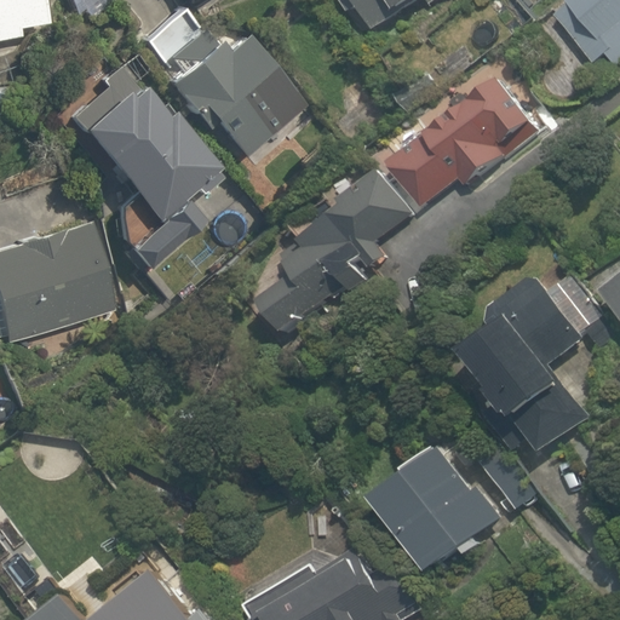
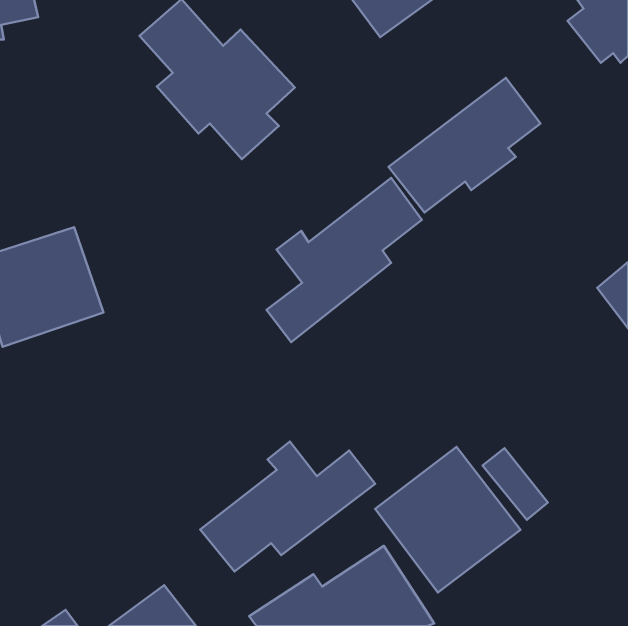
building: [65,73,220,277] -> none
building: [453,272,589,458] -> none
building: none -> [200,441,375,572]

